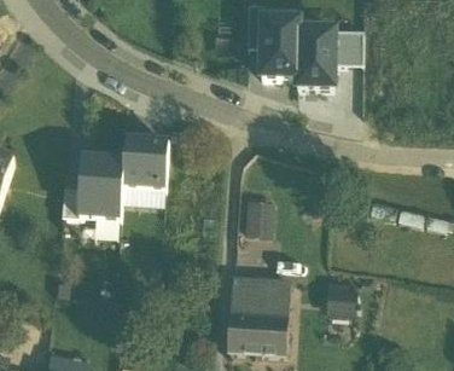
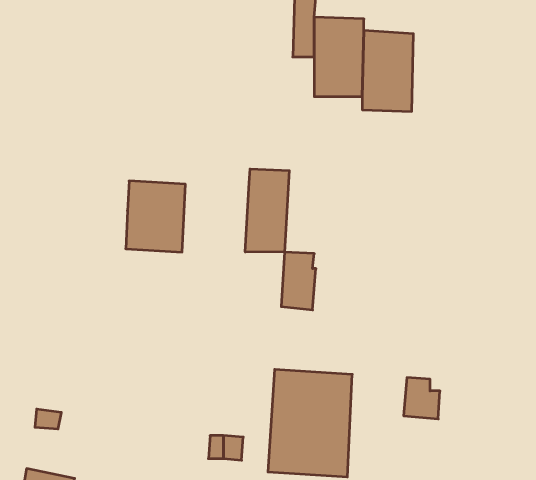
building: [333,30,362,63] -> none
building: none -> [245,169,289,252]
building: [78,157,124,219] -> none

